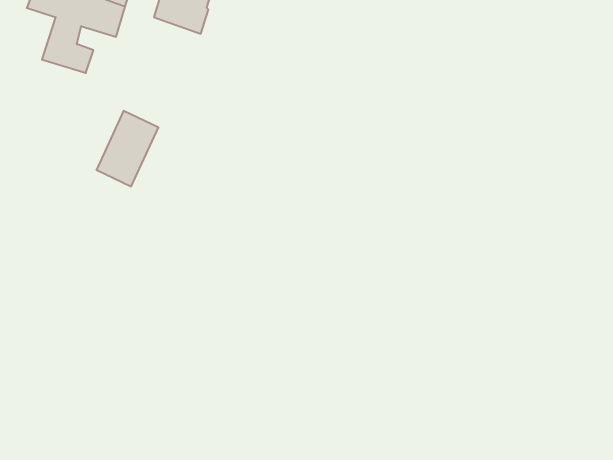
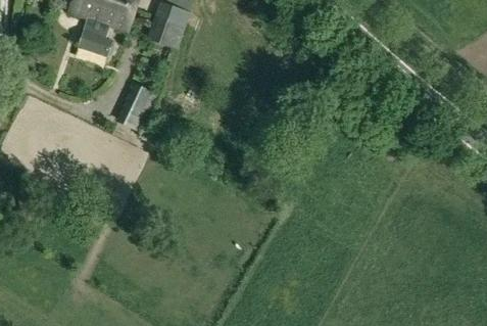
building: none -> [147,18,186,50]

